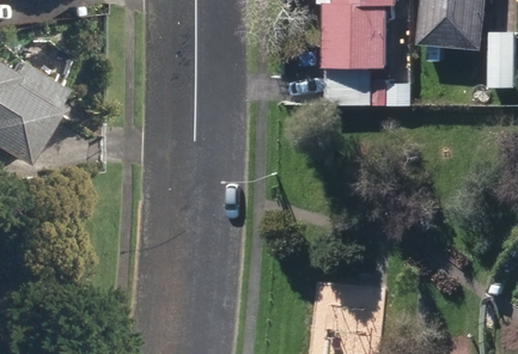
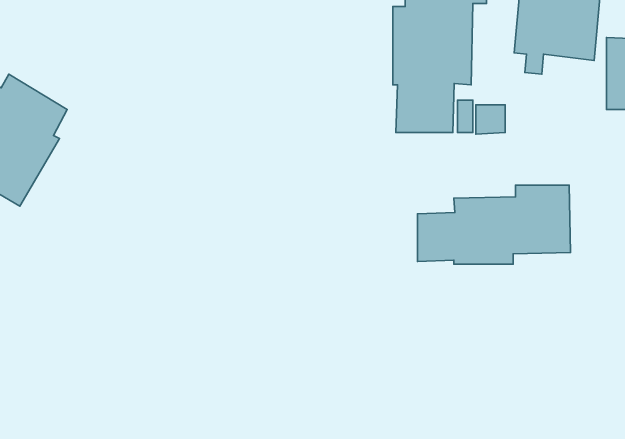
building: none -> [418,185,570,264]

